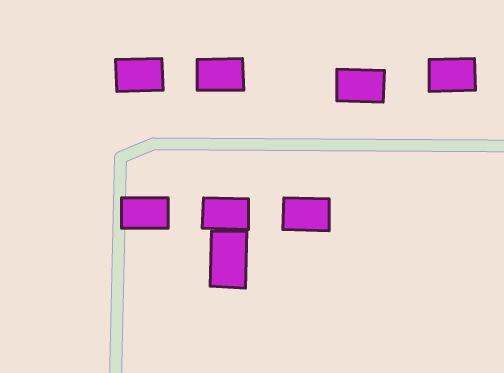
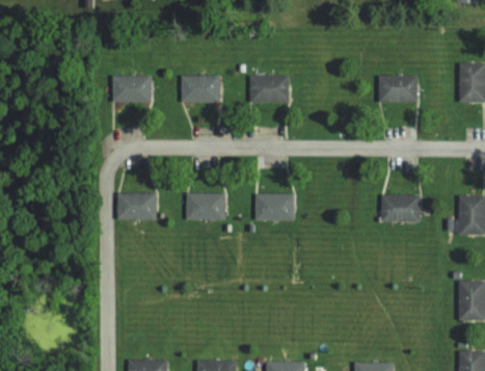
building: [337,69,384,102] -> [249,75,290,103]
building: none -> [380,194,421,221]
building: [210,231,247,288] -> none

